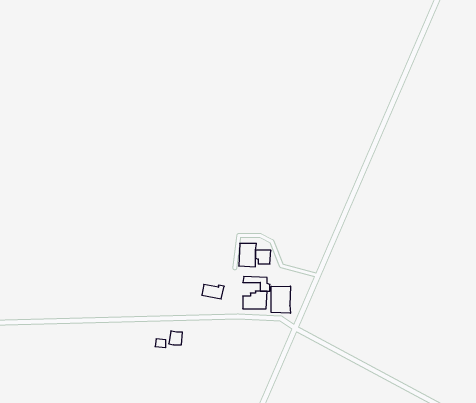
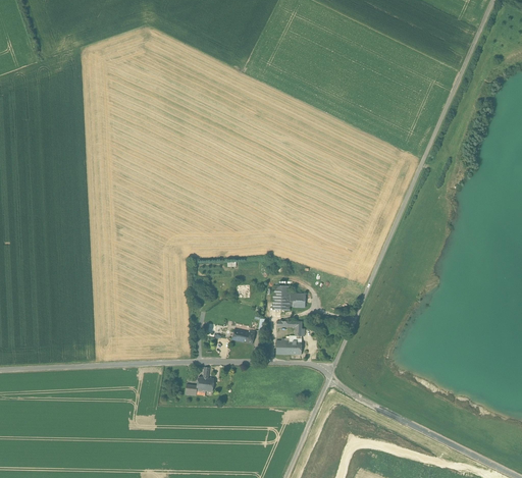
building: [271,286,290,313] -> none

